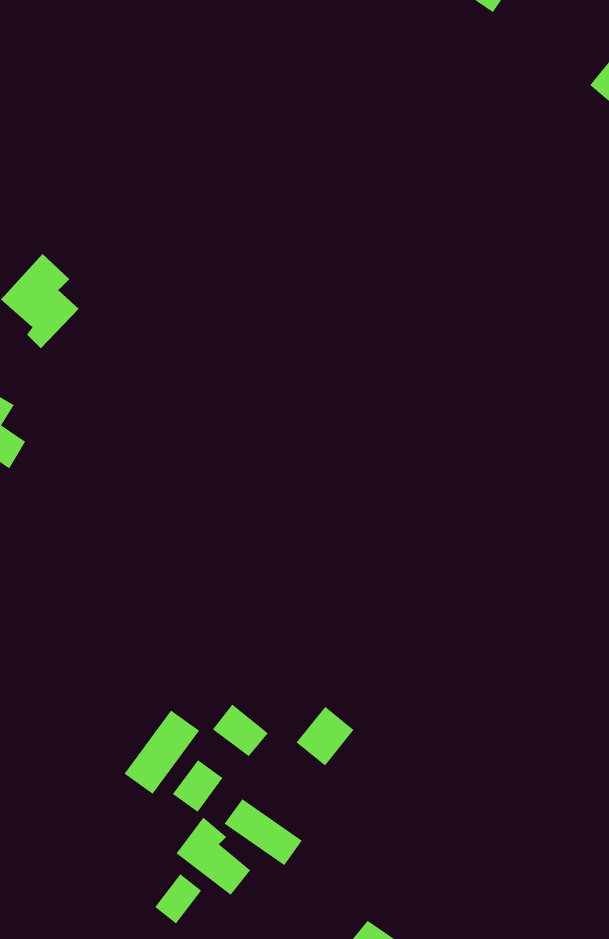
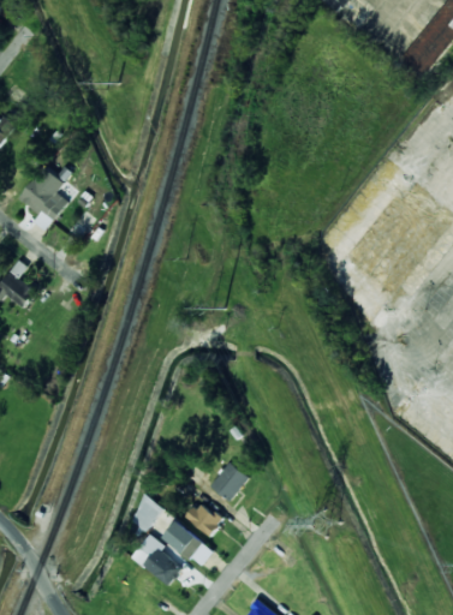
building: [212,704,269,757] -> [185,500,222,535]
building: [123,709,200,795] -> none
building: [154,873,202,925] -> none

